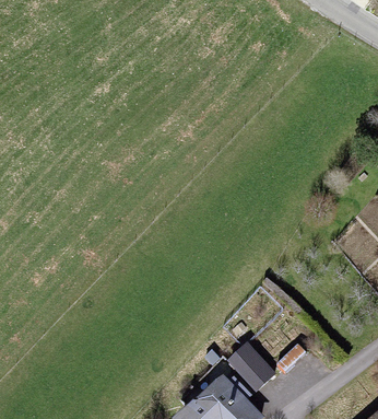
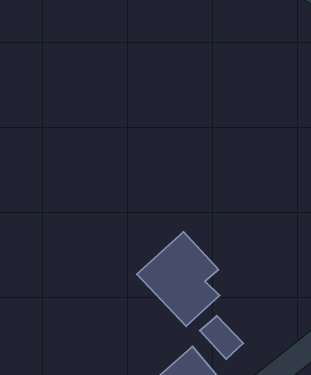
building: none -> [137,232,220,326]

